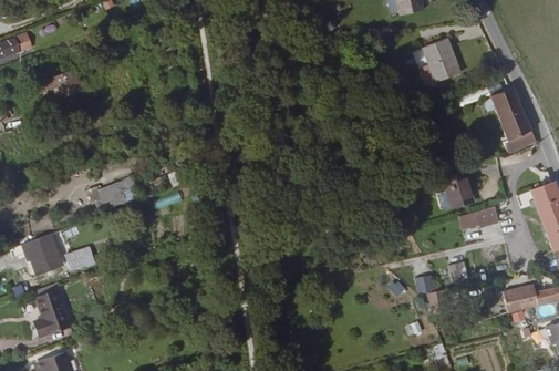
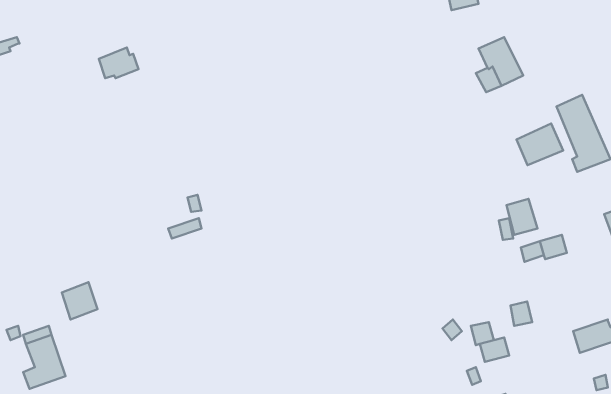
building: [40,74,74,101] -> [99,47,138,78]
building: none -> [517,123,563,165]
building: [90,179,141,209] -> none
building: [21,237,59,276] -> none

